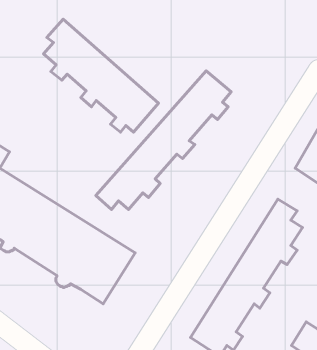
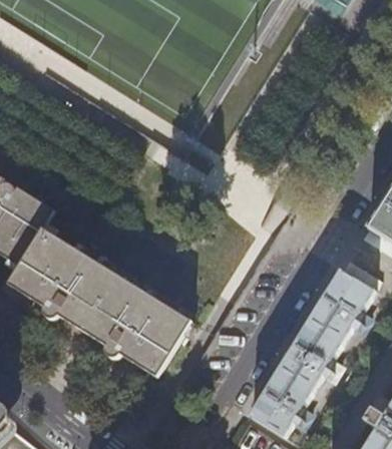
building: [43,19,159,132] -> none
building: [96,71,231,210] -> none

